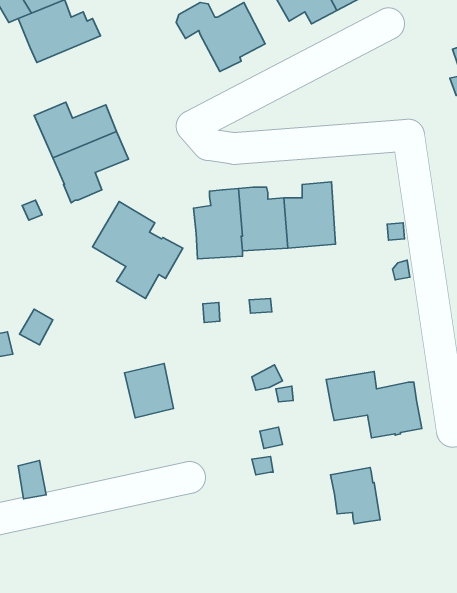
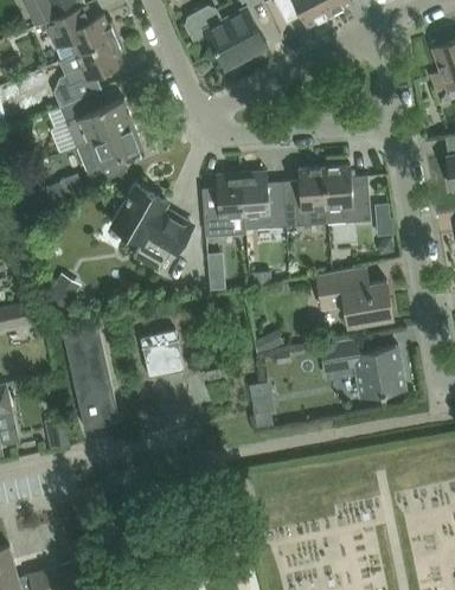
building: none -> [53,38,124,109]
building: none -> [325,166,371,224]
building: none -> [316,268,392,325]
building: none -> [63,327,120,430]
building: [331,468,380,524] -> none

